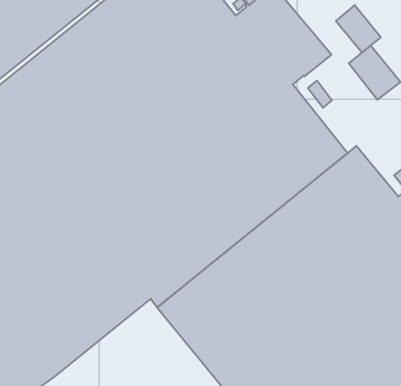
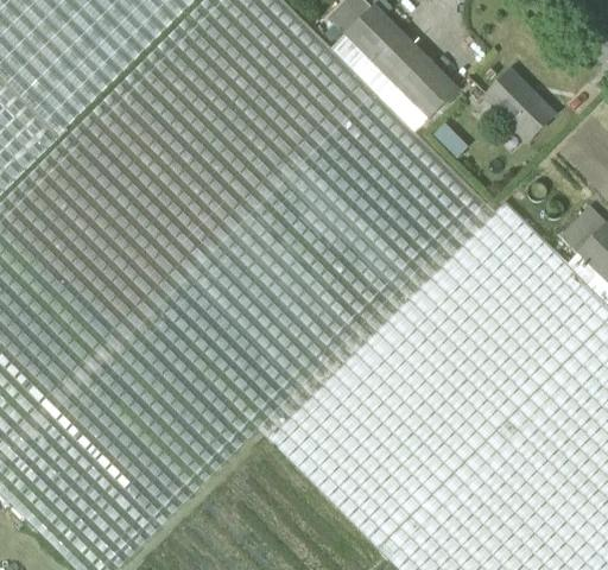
building: [336,5,381,52] -> none

